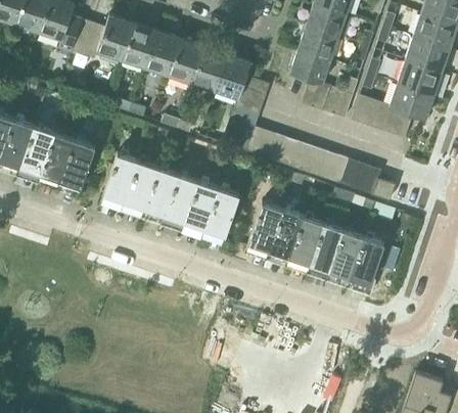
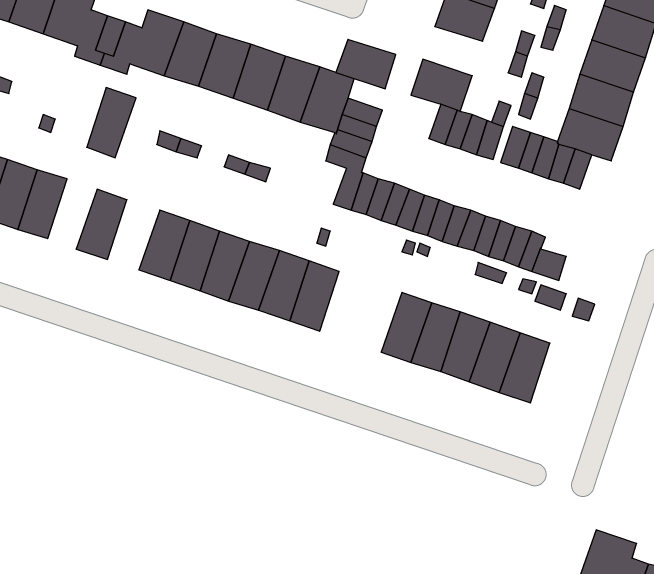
building: [297,28,338,61] -> [336,39,396,89]
building: [41,132,75,180] -> [87,88,136,158]
building: [248,202,283,250] -> none

